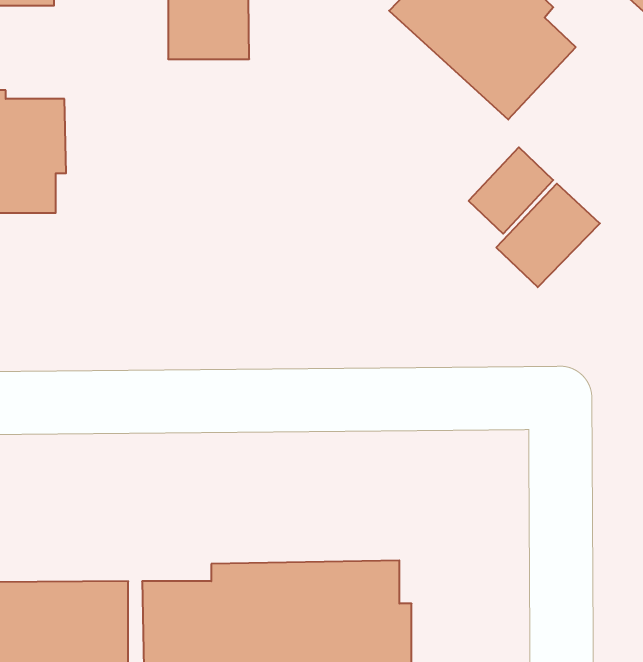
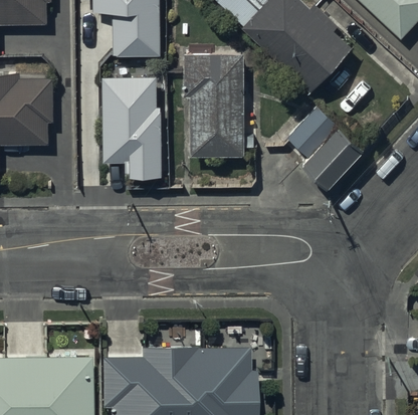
building: none -> [183,52,245,157]
building: none -> [101,77,163,179]

